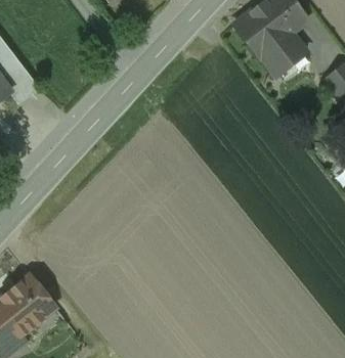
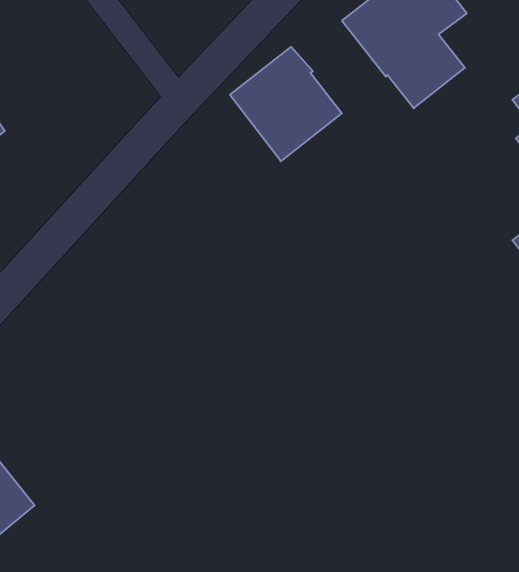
building: none -> [230,47,342,161]

